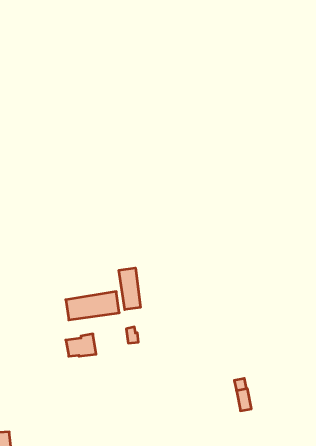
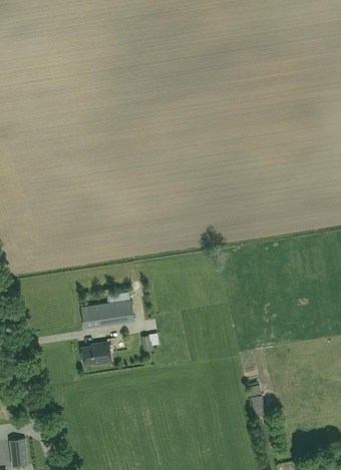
building: [119,268,140,310] -> none

